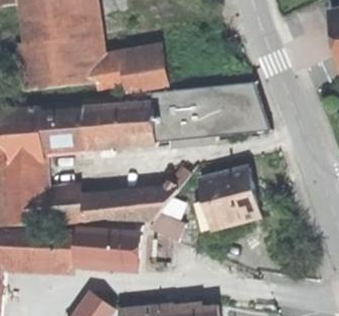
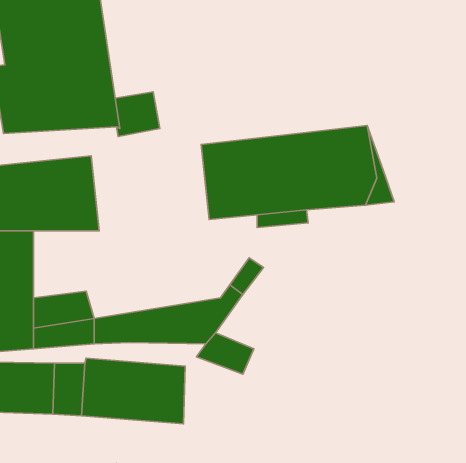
building: [121,53,169,92] -> none
building: [81,94,156,148] -> none
building: [199,167,263,236] -> none

